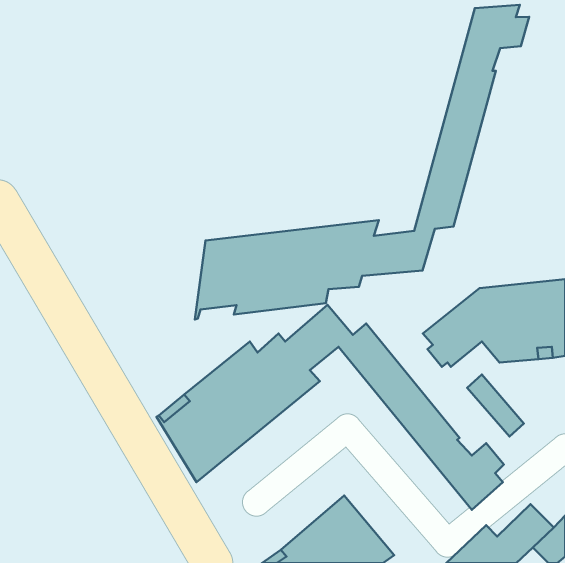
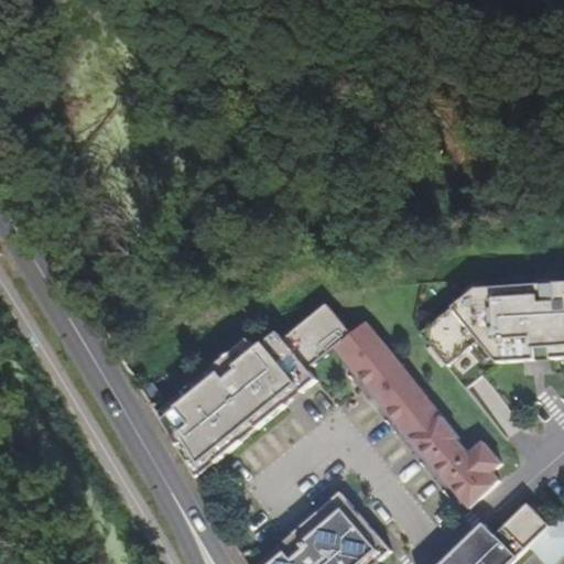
building: [195,5,529,320] -> none

